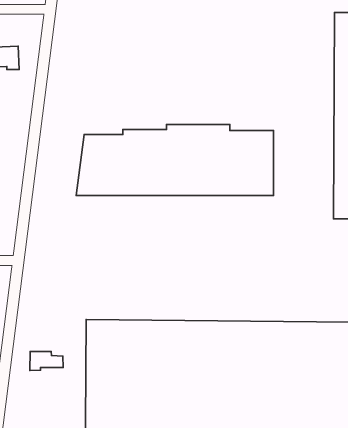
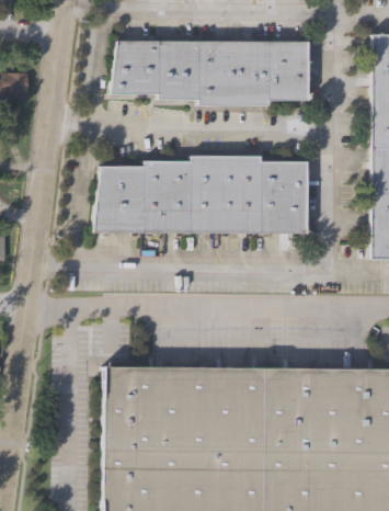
building: none -> [111,43,308,105]
building: [30,351,63,370] -> none

